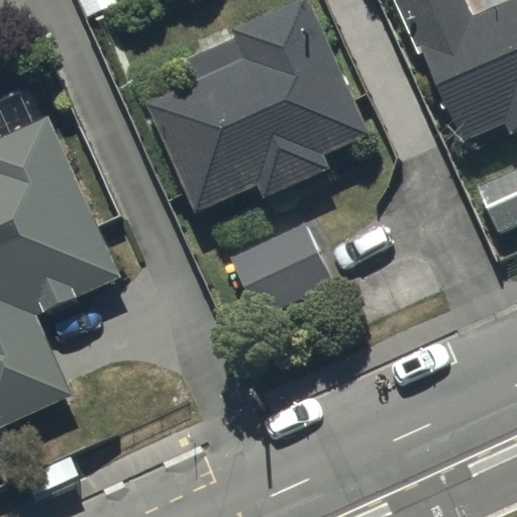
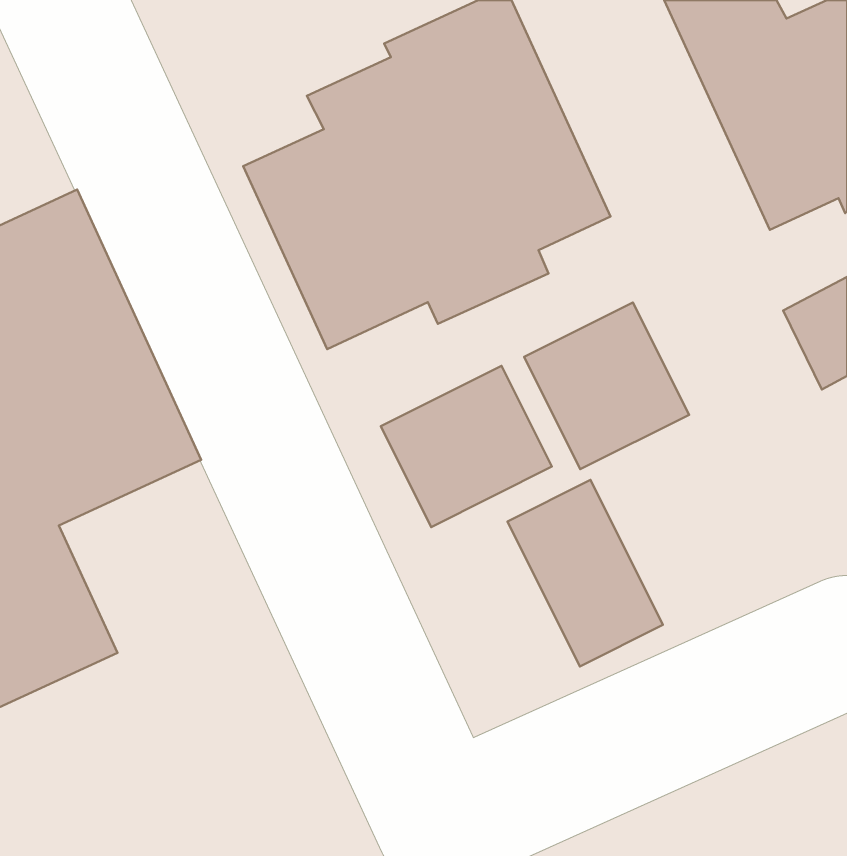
building: none -> [524,302,689,469]
building: none -> [507,480,663,666]

